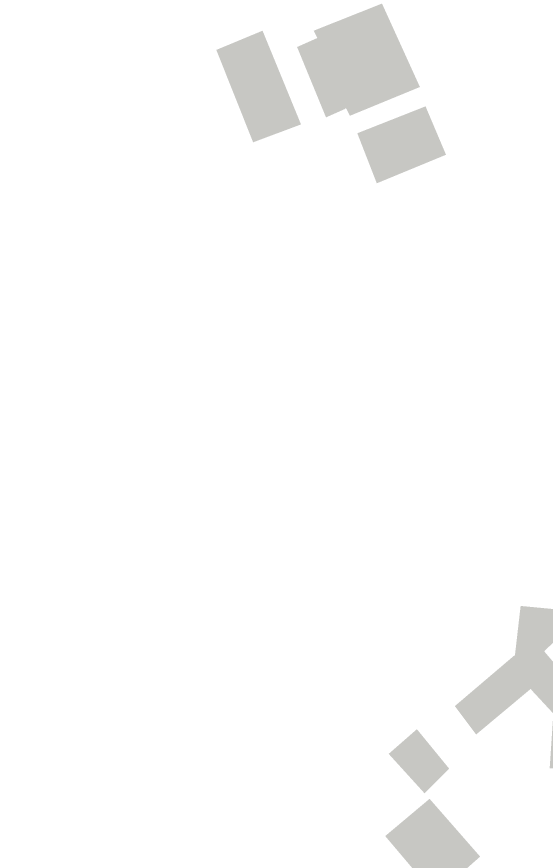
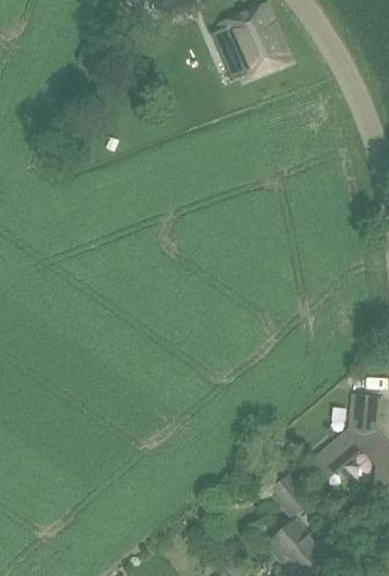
building: [216,30,302,143] -> none
building: [357,105,447,184] -> none

